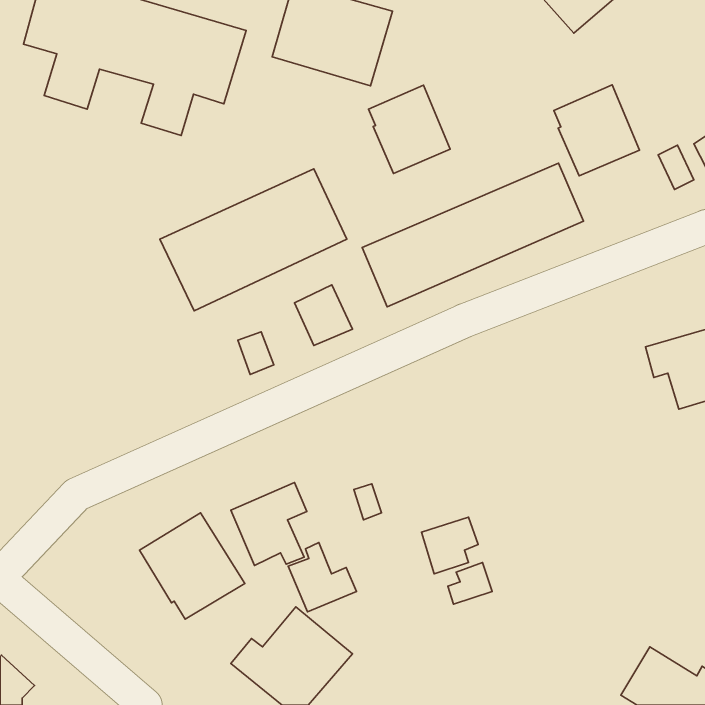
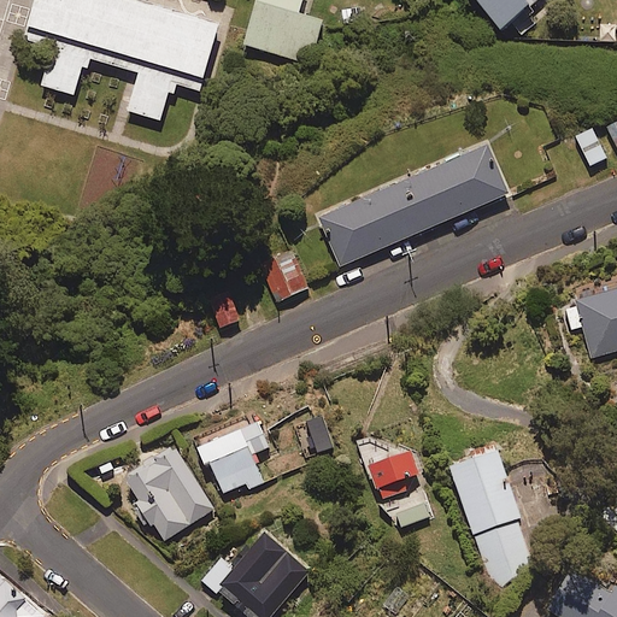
building: [554,85,639,176] -> none
building: [369,85,450,173] -> none
building: [160,169,347,311] -> none
building: none -> [447,447,536,584]
building: [288,543,356,612] -> none

